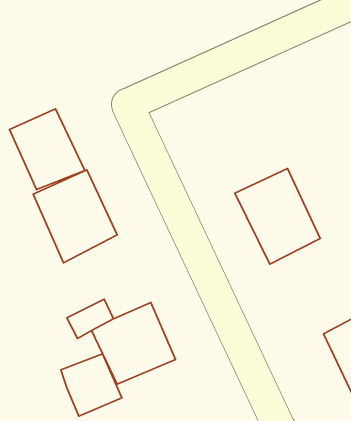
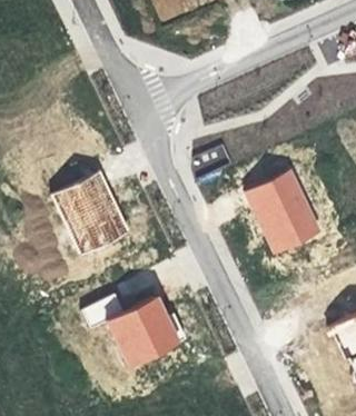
building: [9,109,85,189] -> none
building: [61,354,122,416] -> none

